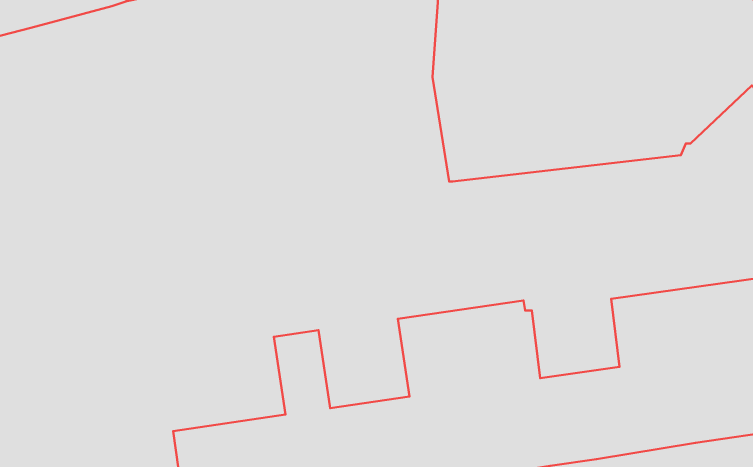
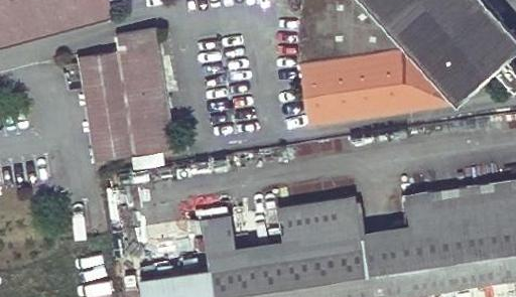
building: none -> [79,29,173,159]

